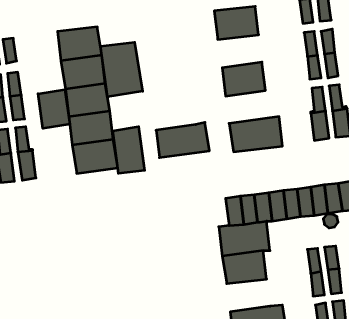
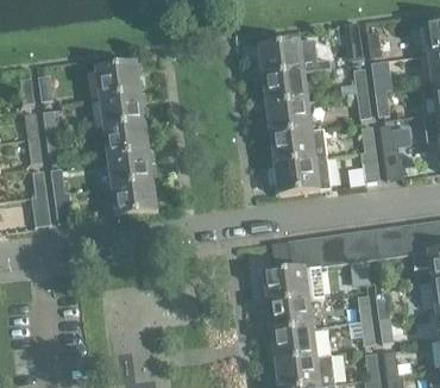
building: none -> [263,70,309,105]
building: [101,42,143,97] -> none
building: [38,90,70,128] -> none
building: [156,122,209,158] -> [271,126,327,163]
building: [113,127,145,173] -> none
building: none -> [272,326,318,361]

